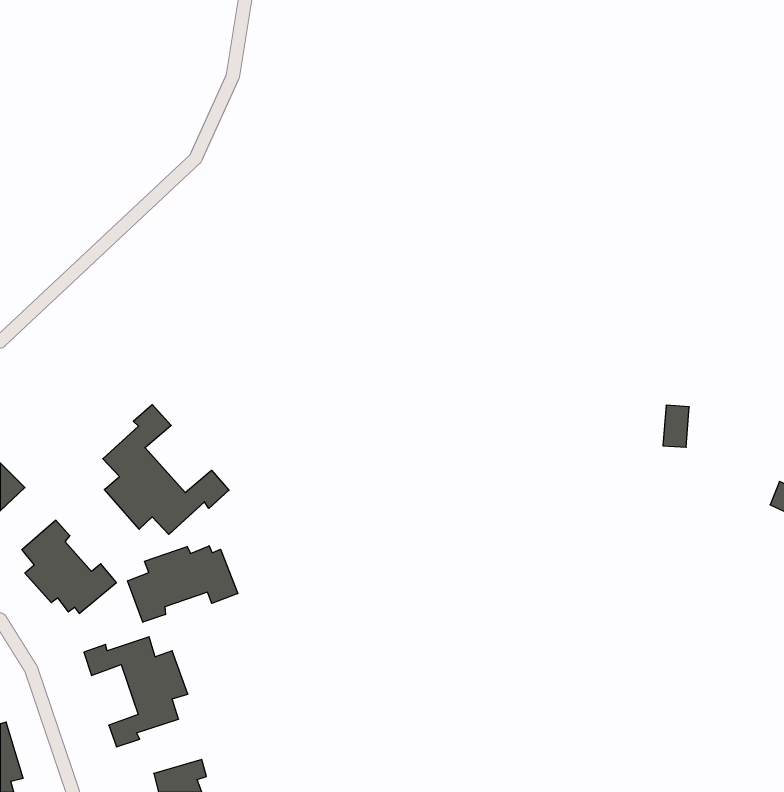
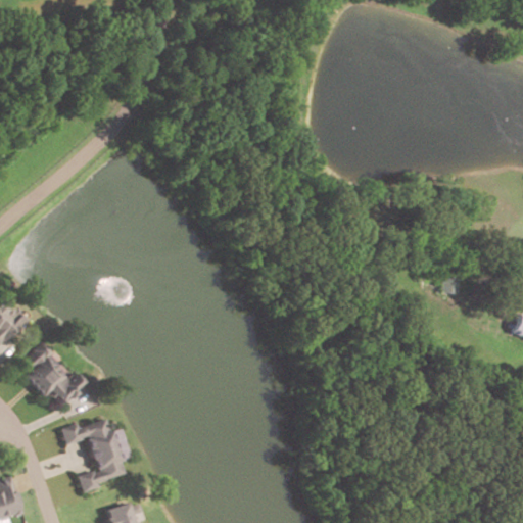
building: [103,405,229,534] -> none
building: [128,546,238,622] -> none

